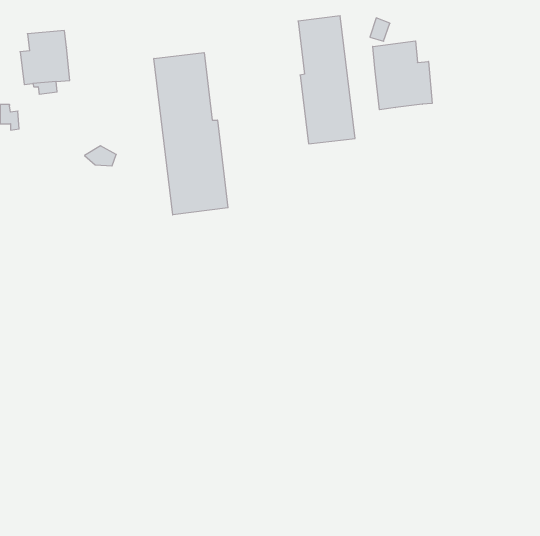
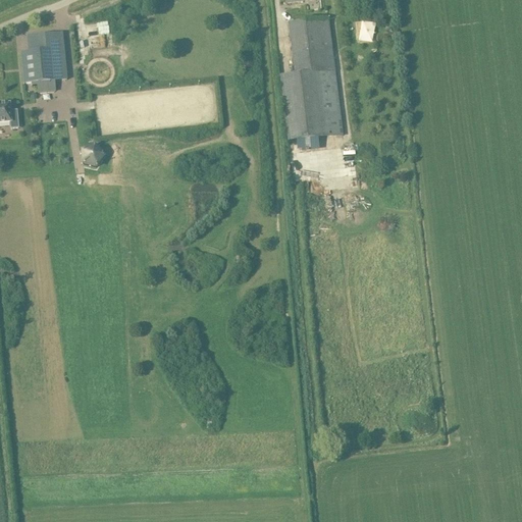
building: [373,41,432,110] -> none
building: [154,53,228,215] -> none

